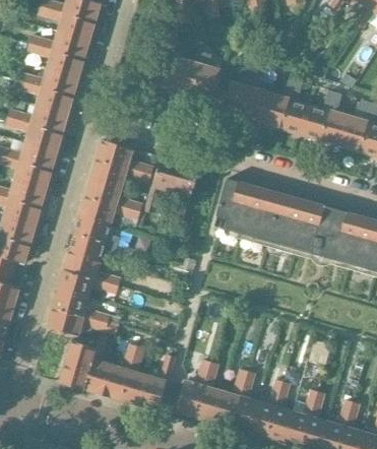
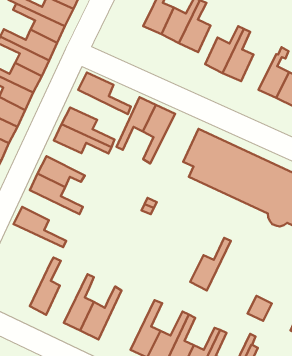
building: [262,78,297,128] -> none
building: [91,158,151,186] -> none
building: [75,214,120,245] -> none
building: [59,269,119,297] -> none
building: [48,307,118,334] -> none
building: [59,337,98,388] -> none
building: [102,342,137,399] -> none
building: [176,359,210,415] -> [190,238,231,290]

